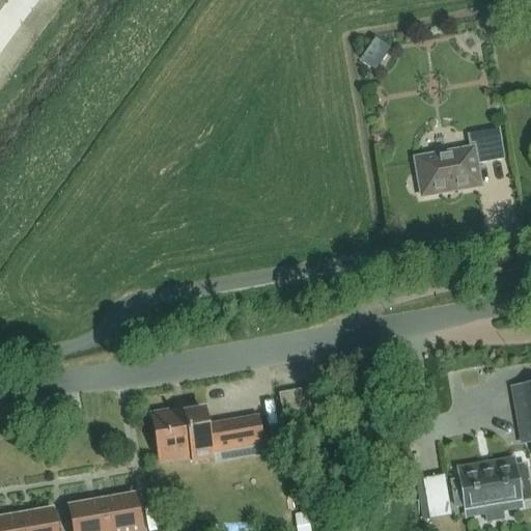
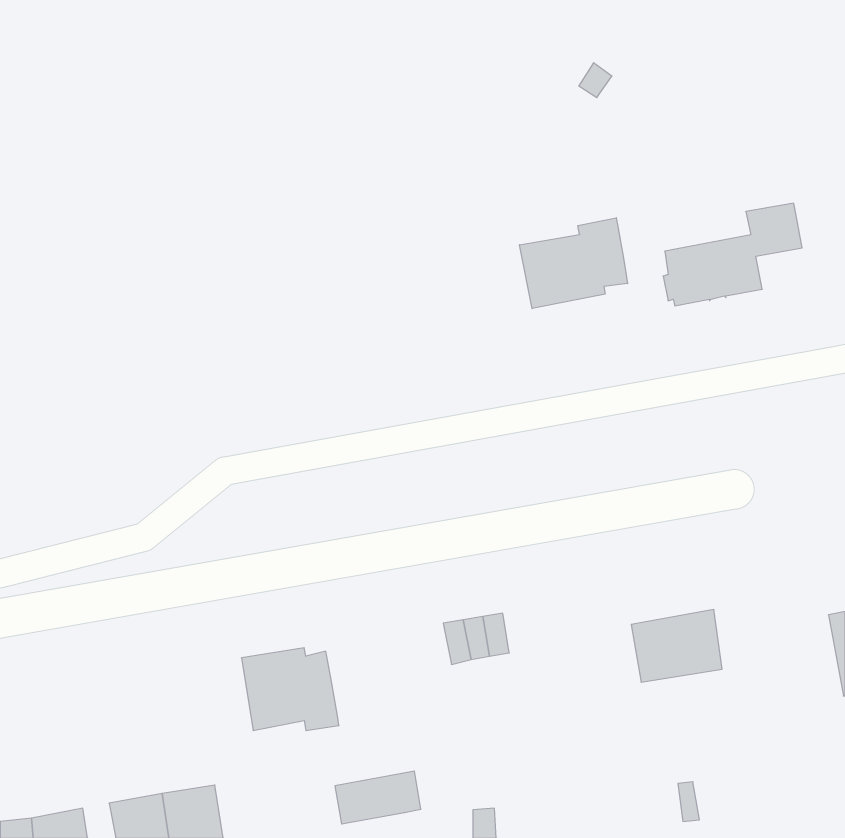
building: none -> [519,218,628,309]
building: [207,416,261,449] -> [335,771,421,824]
building: [460,463,518,508] -> [631,610,722,682]

